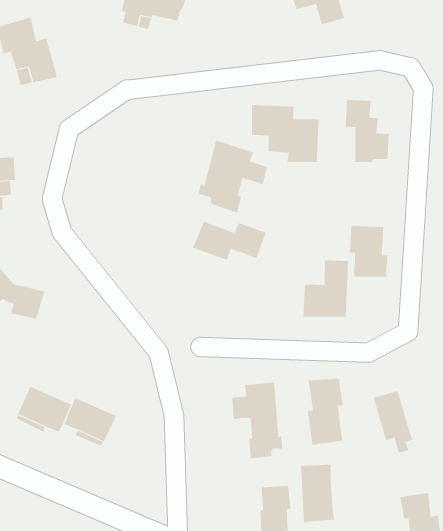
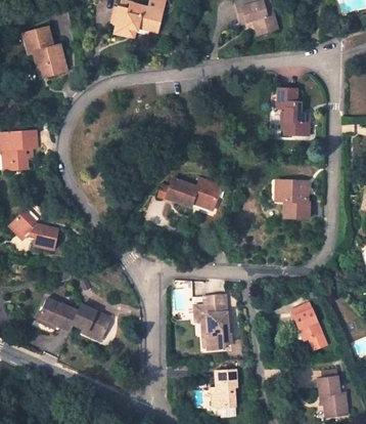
building: [251,104,319,163] -> none
building: [197,140,267,213] -> none
building: [303,259,349,318] -> none
building: [307,378,343,445] -> none
building: [301,464,334,523] -> none

